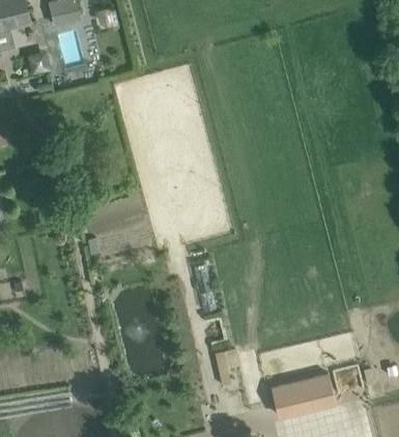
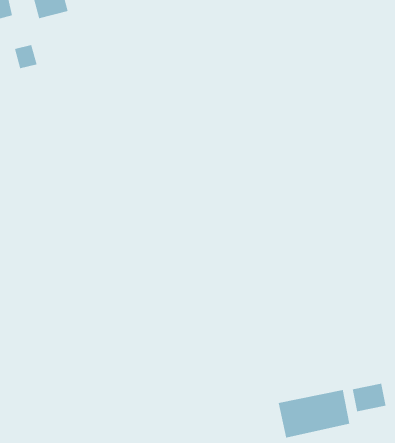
building: none -> [352,383,386,412]

